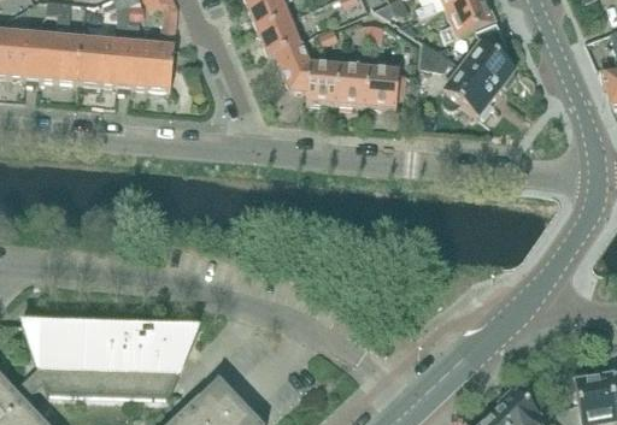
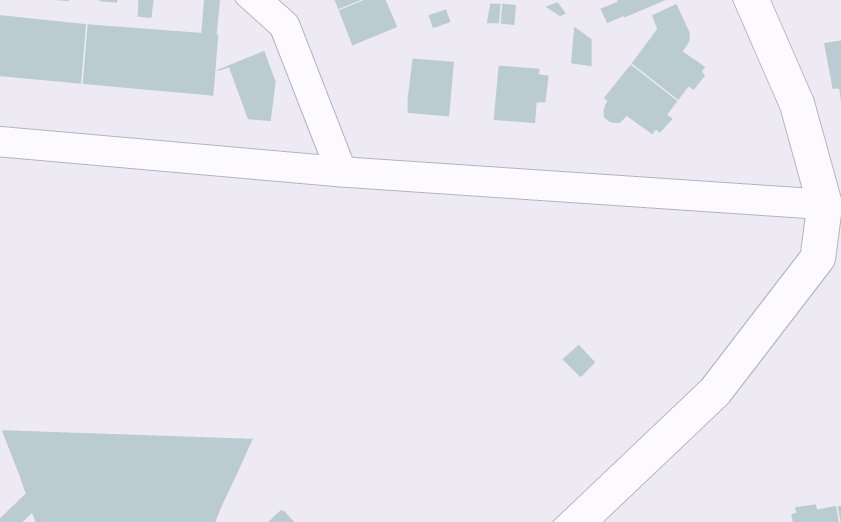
building: [266,40,308,90] -> [216,49,277,121]
building: [335,65,369,106] -> none

